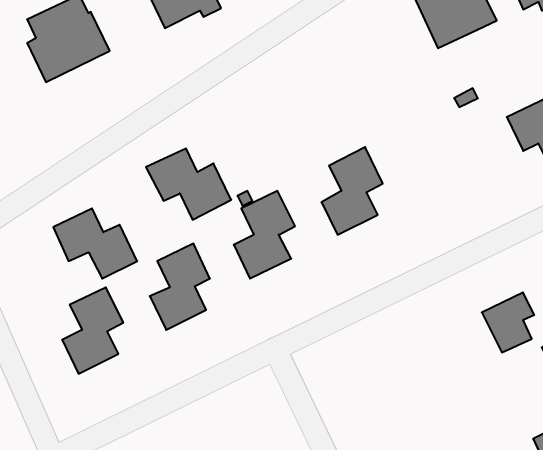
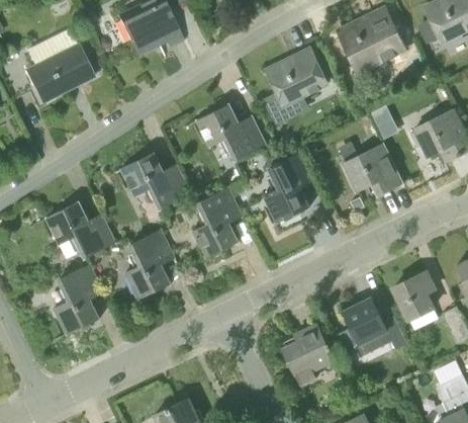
building: none -> [262,49,326,125]
building: none -> [196,104,265,160]
building: none -> [343,144,401,195]
building: none -> [343,298,406,357]
building: none -> [283,325,331,385]

